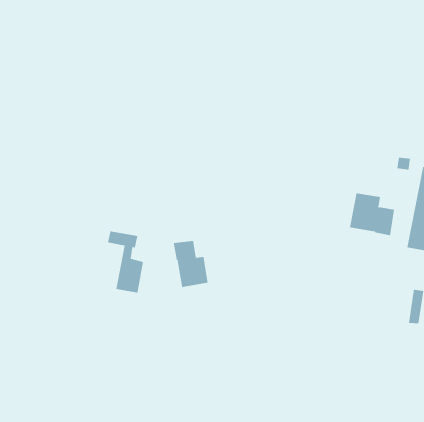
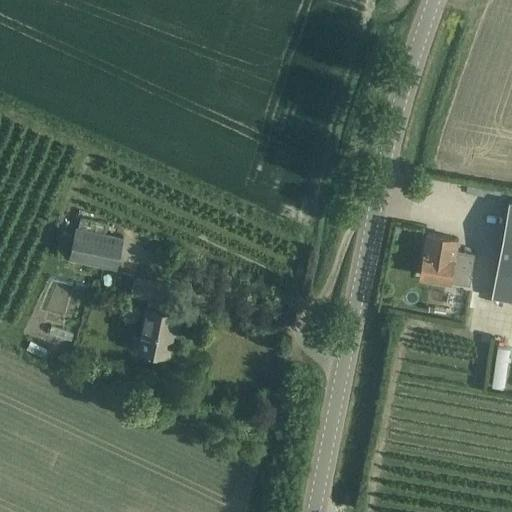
building: none -> [58,230,121,272]
building: [173,240,208,288] -> none

